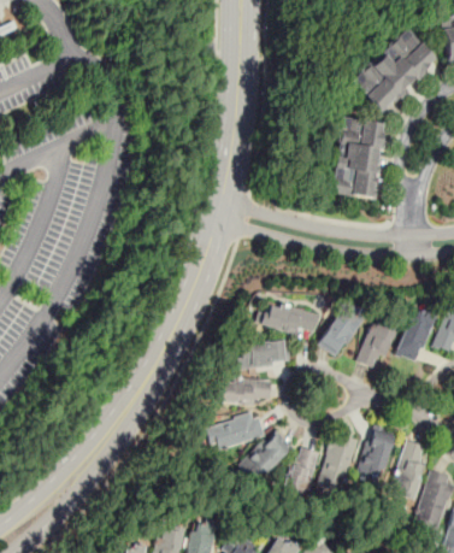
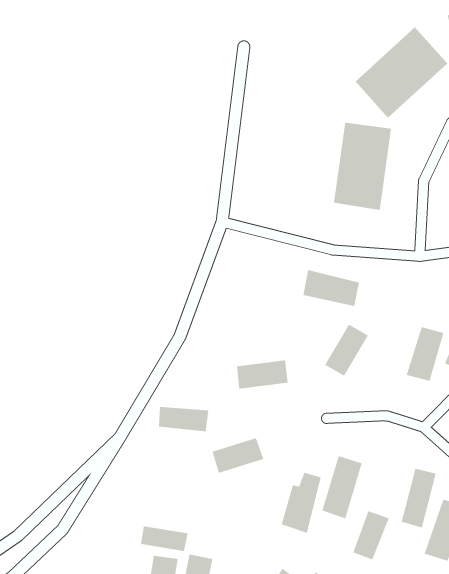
building: [264,302,318,337] -> [302,270,360,307]
building: [358,320,395,369] -> none
building: [222,380,270,404] -> [158,406,209,432]
building: [359,431,394,478] -> [352,510,389,560]
building: [246,434,289,480] -> none
building: none -> [141,525,188,552]

